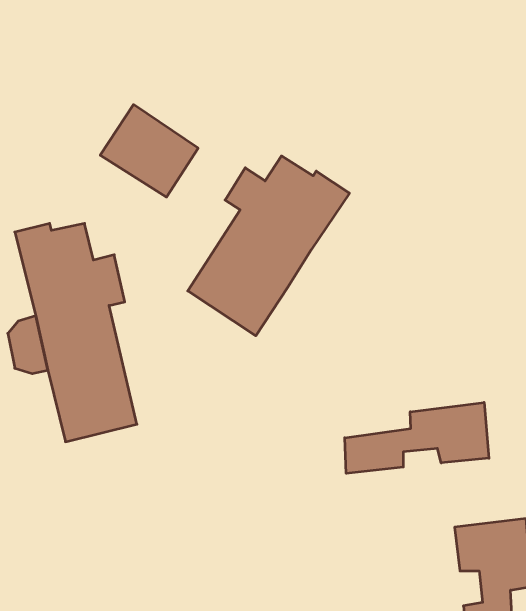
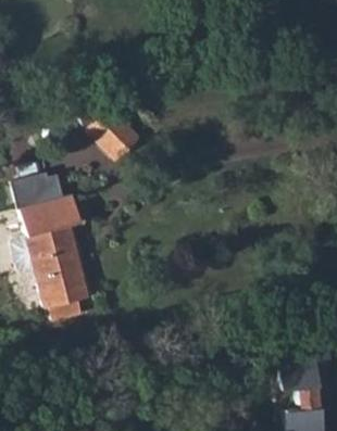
building: [188,156,349,336] -> none
building: [345,402,489,473] -> none

